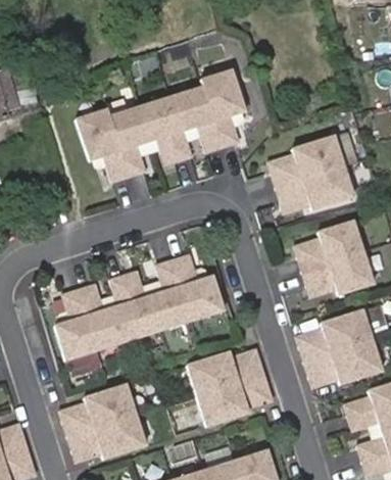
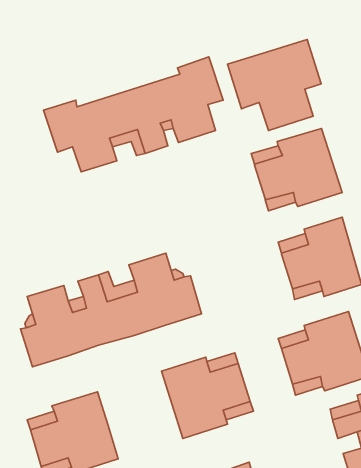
building: none -> [228,39,321,131]

